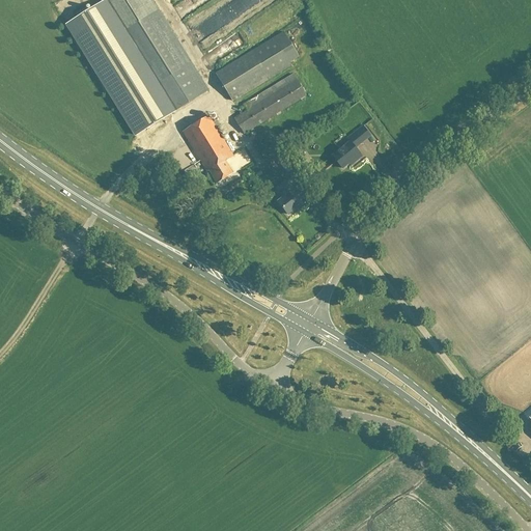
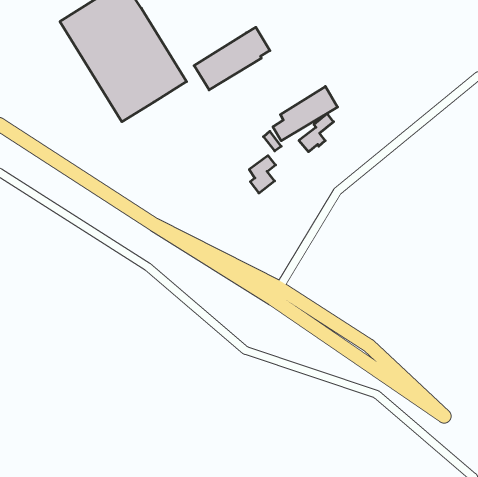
building: [233,73,305,133] -> [273,86,338,141]
building: [181,115,232,183] -> none

